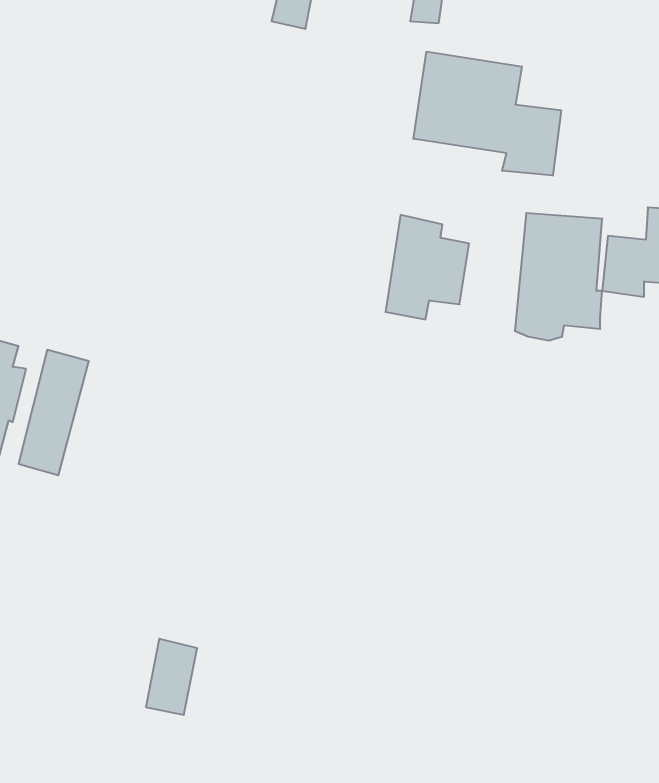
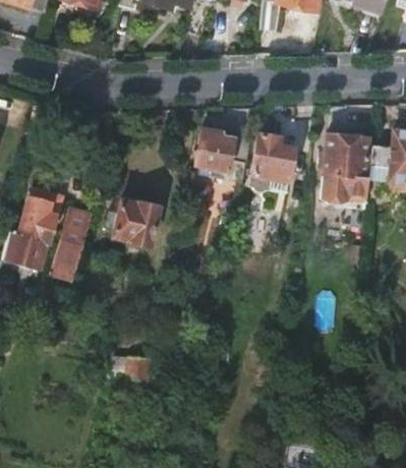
building: [413,52,561,176] -> none
building: none -> [193,130,249,173]
building: none -> [104,207,155,256]

